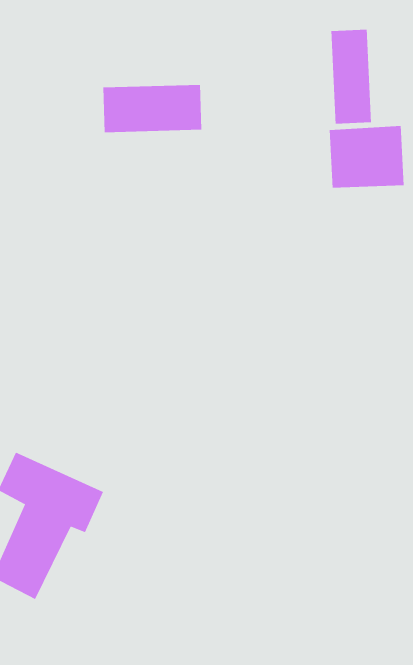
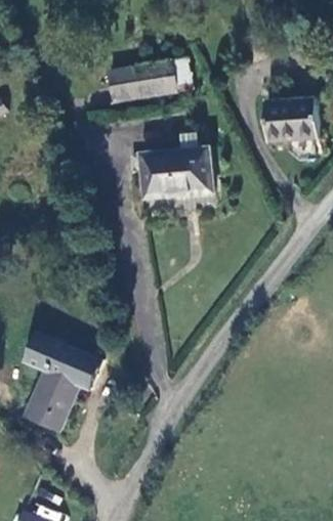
building: [331,29,372,125] -> none
building: none -> [127,151,212,201]

